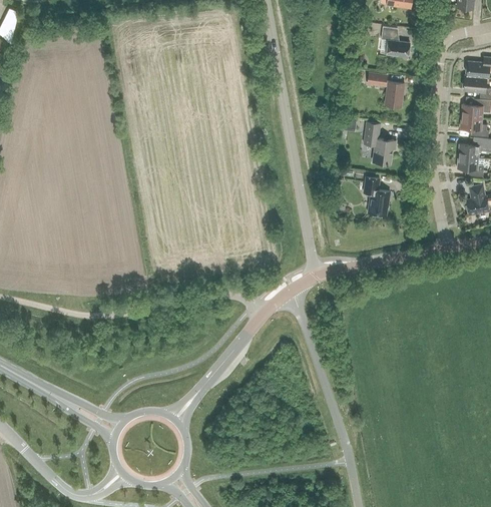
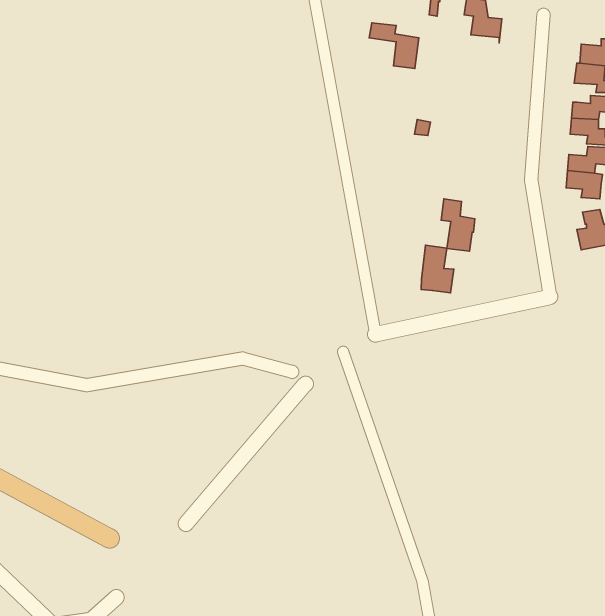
building: [367,72,404,106] -> [369,23,419,69]
building: [363,121,396,164] -> none
building: none -> [421,245,454,293]

